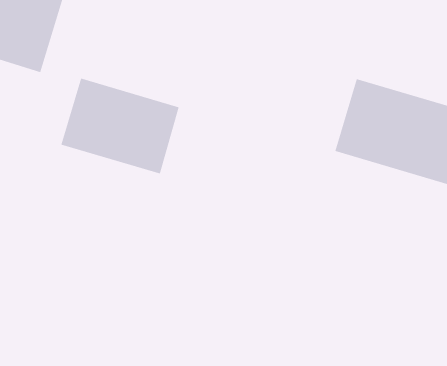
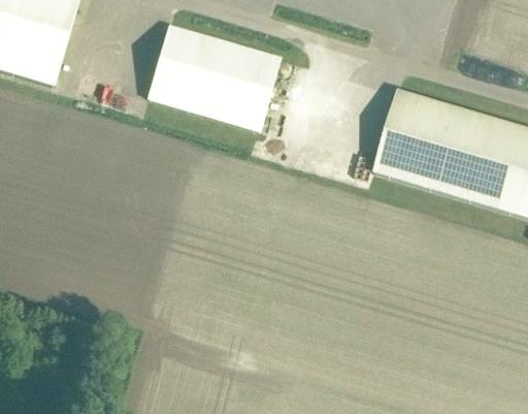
building: [61,78,180,174] -> [148,24,278,129]

